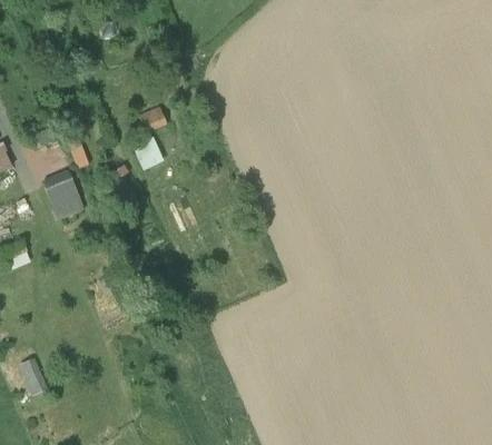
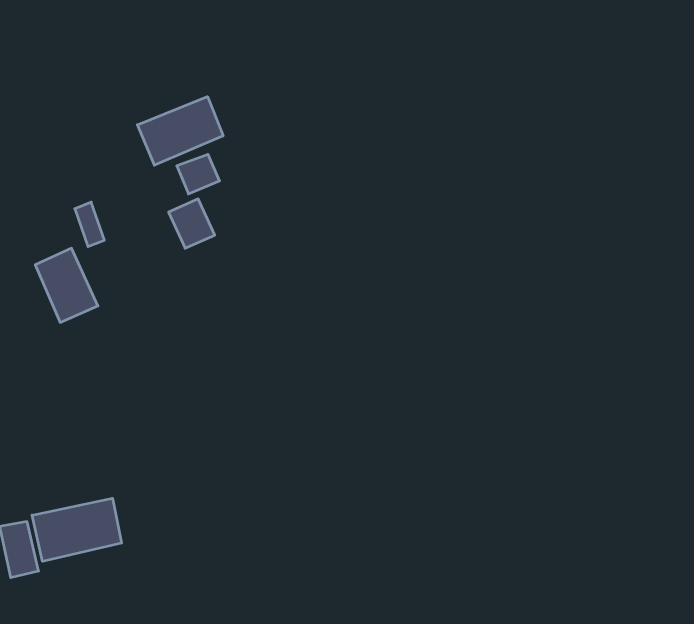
building: none -> [137,97,223,165]
building: none -> [32,498,122,561]

